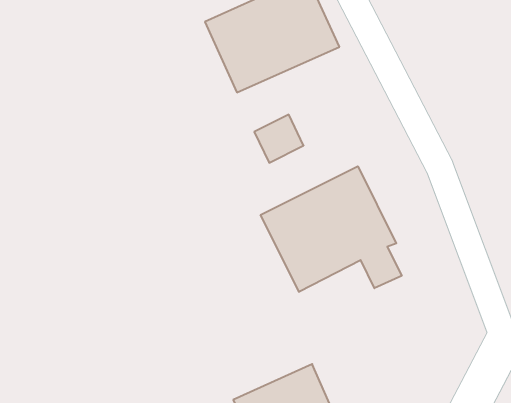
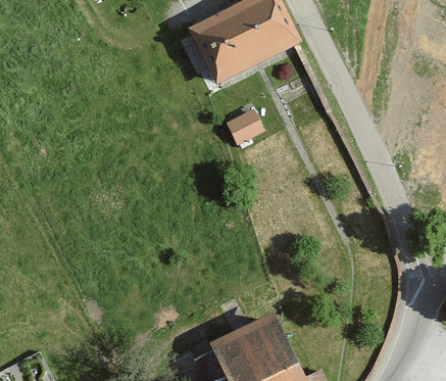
building: [261,166,402,292] -> none

